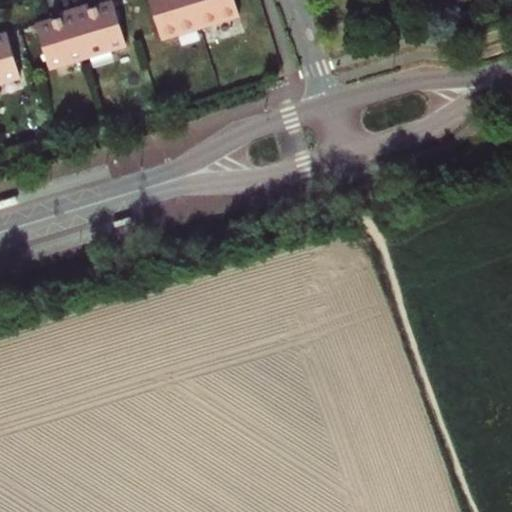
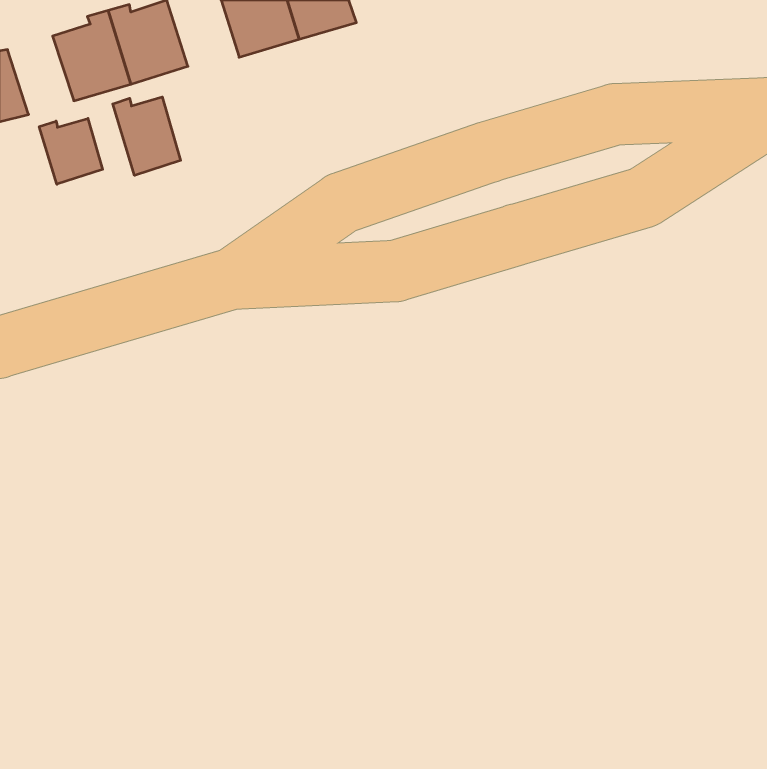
building: none -> [113,97,181,175]
building: none -> [39,118,103,184]

